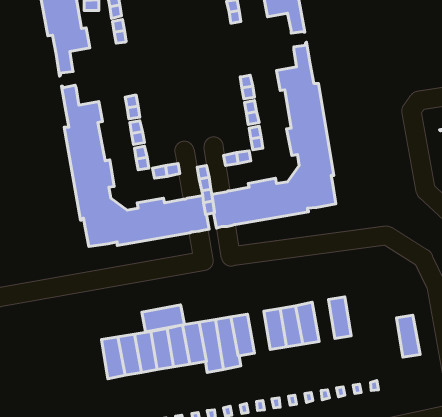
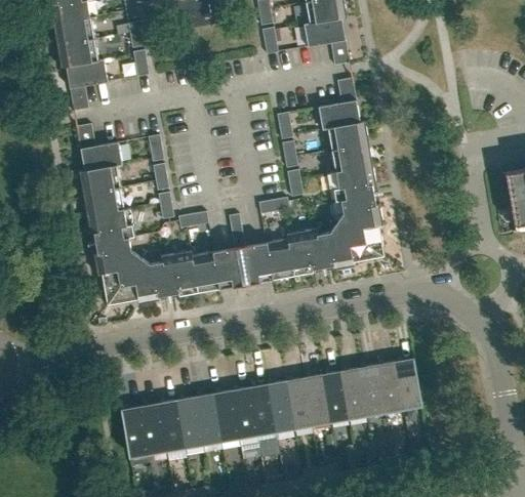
building: none -> [358,364,383,411]
building: [142,305,184,332] -> none
building: none -> [285,377,311,424]
building: [397,315,420,357] -> [395,358,421,405]

